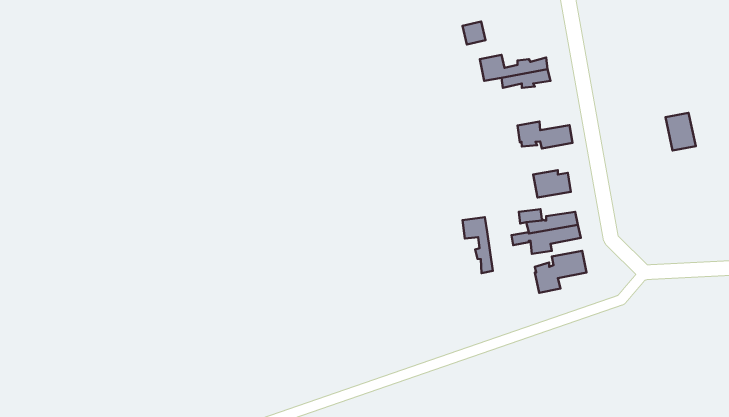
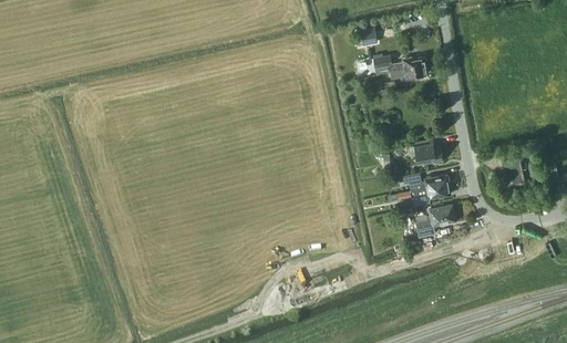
building: [665,113,696,150] -> [502,157,525,186]
building: [517,122,573,148] -> none
building: [462,217,493,273] -> none

